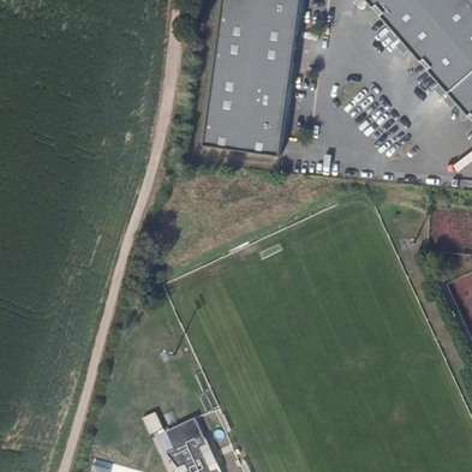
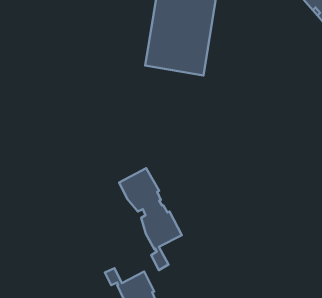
building: none -> [119,168,182,270]

